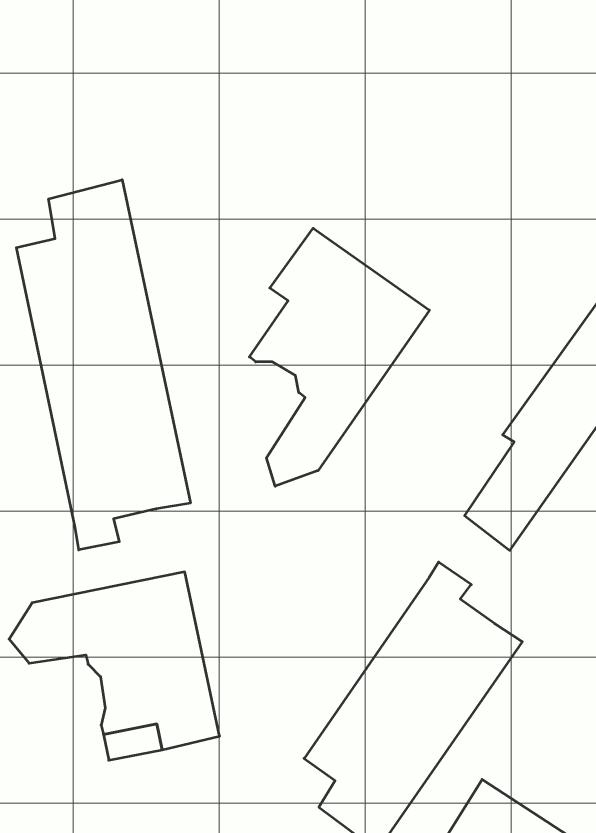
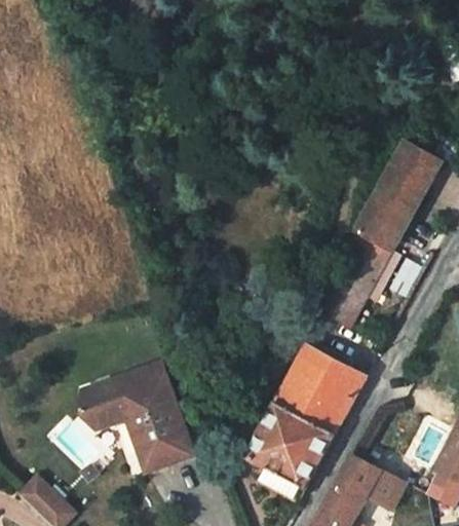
building: [16,180,190,550] -> none
building: [249,228,429,486] -> none

